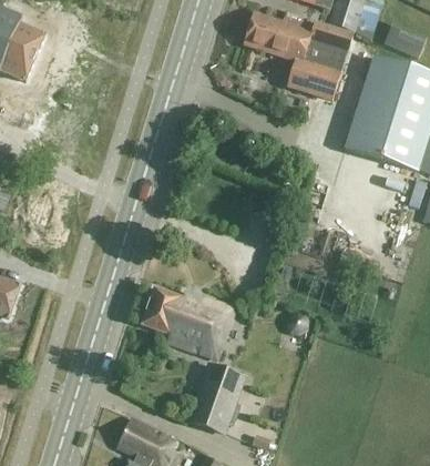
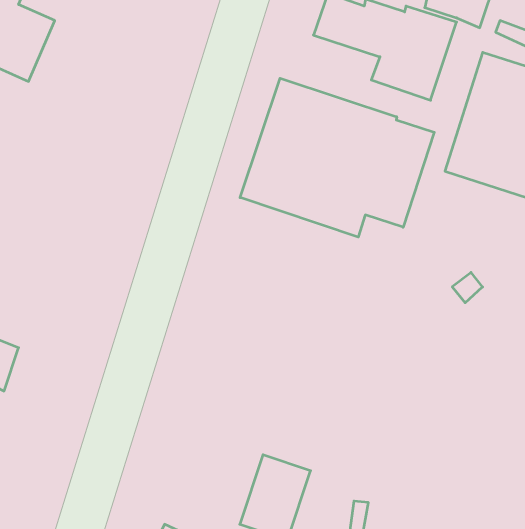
building: none -> [240,78,434,237]
building: [140,286,233,358] -> none

